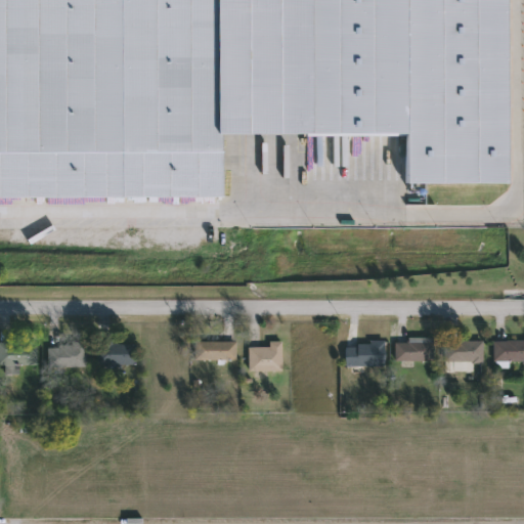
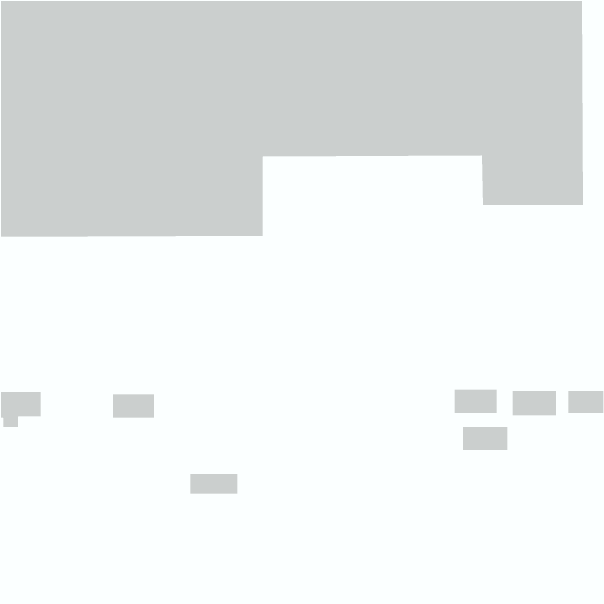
building: [192,339,234,357] -> [190,473,238,494]
building: [246,339,279,368] -> none
building: [343,339,383,360] -> [462,426,508,451]
building: [48,341,84,364] -> none

